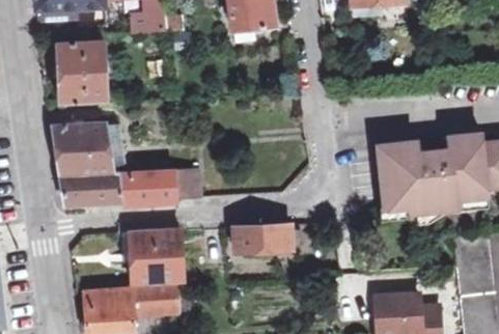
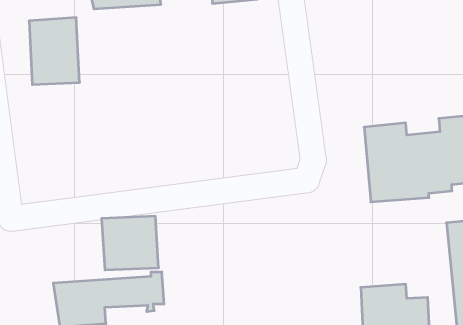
building: [52,124,202,205] -> none
building: [232,223,293,252] -> none

